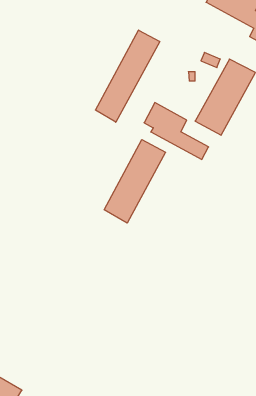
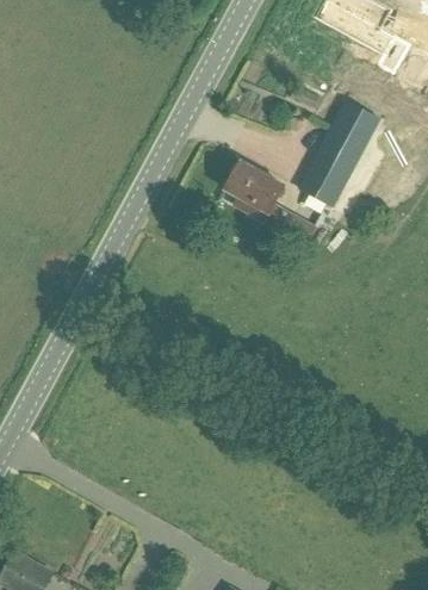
building: [95,30,160,122] -> none
building: [104,140,166,223] -> none

